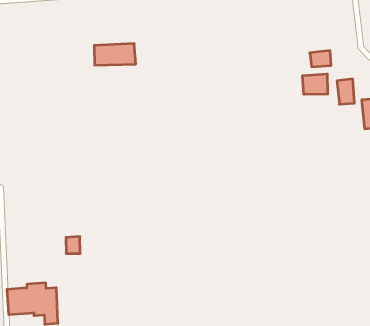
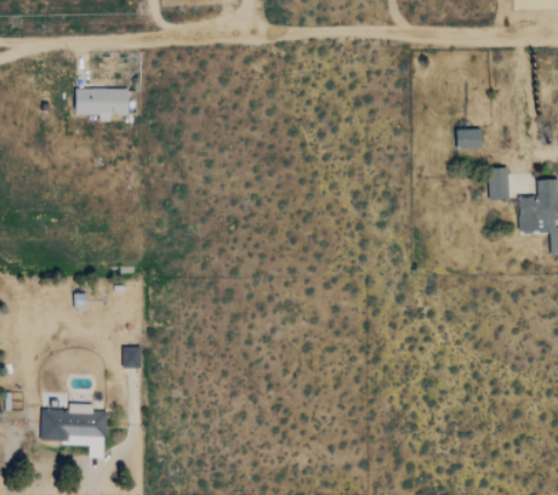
building: [94,44,136,65] -> [75,87,129,115]
building: [303,74,328,94] -> none

